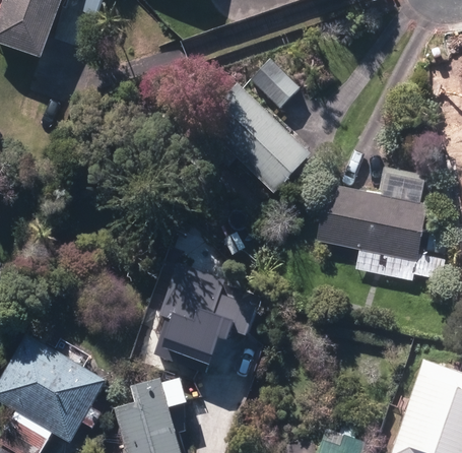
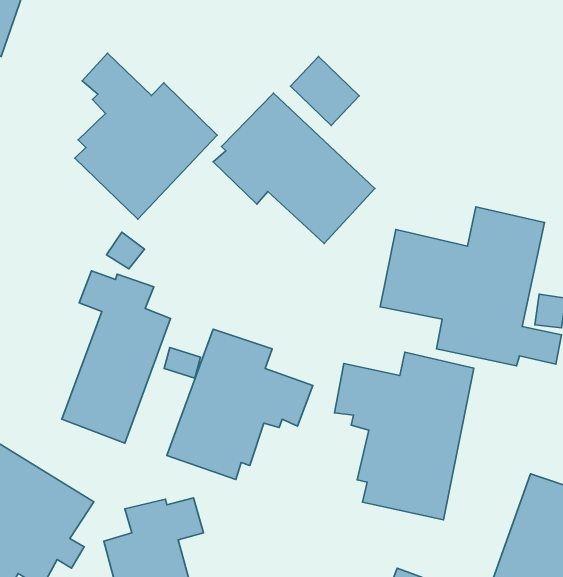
building: none -> [75,53,217,219]
building: none -> [62,271,170,443]
building: none -> [334,352,474,520]

